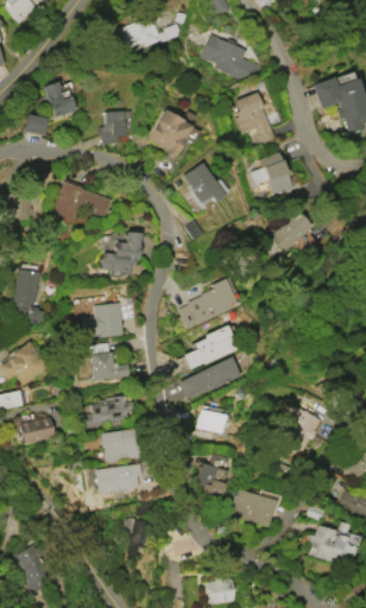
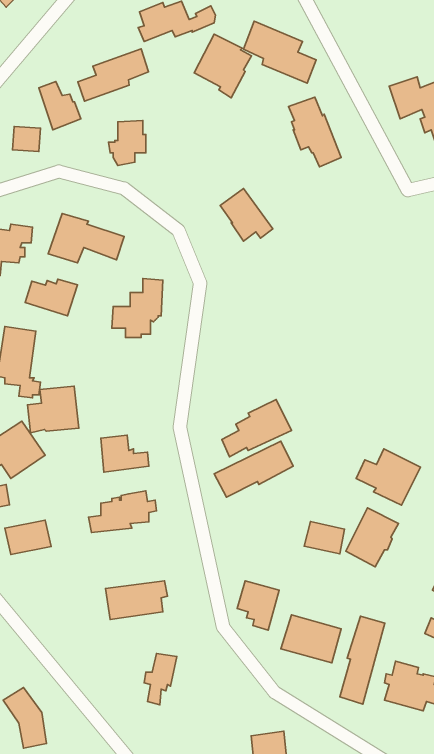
building: none -> [78,49,149,101]
building: [147,109,191,158] -> [194,34,251,98]
building: [252,152,292,194] -> none
building: [271,210,313,253] -> none
building: none -> [25,279,77,316]
building: [179,278,236,327] -> none
building: [83,303,122,338] -> [28,386,79,433]
building: none -> [356,449,420,505]
building: [195,408,226,433] -> [304,521,344,554]
building: [100,429,138,463] -> none
building: none -> [340,616,385,704]

